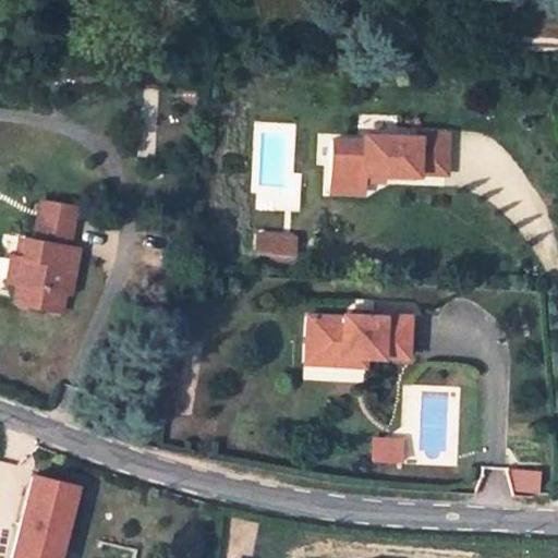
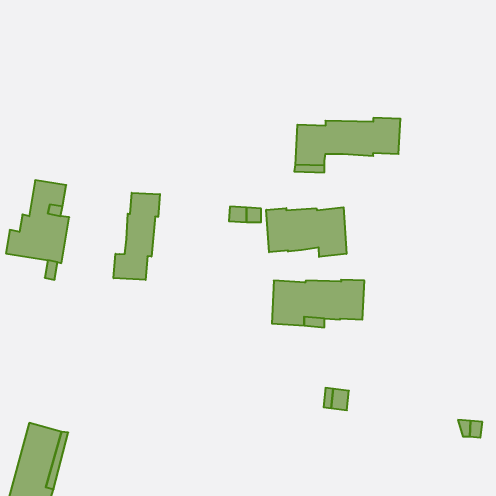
building: none -> [114,193,160,280]
building: none -> [266,207,346,257]

